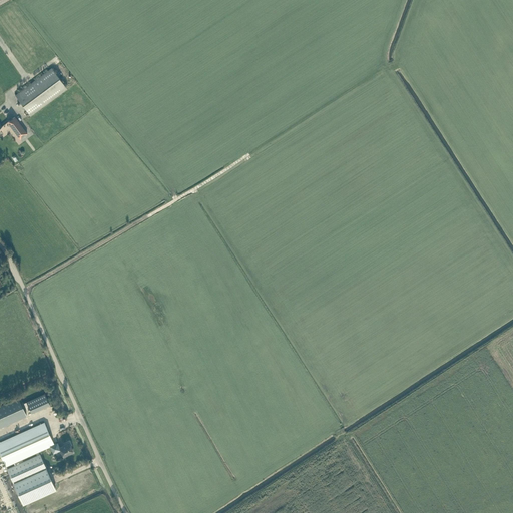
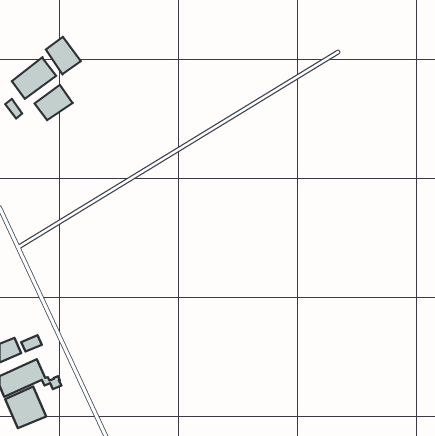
building: none -> [46,37,81,74]
building: none -> [35,85,73,120]

